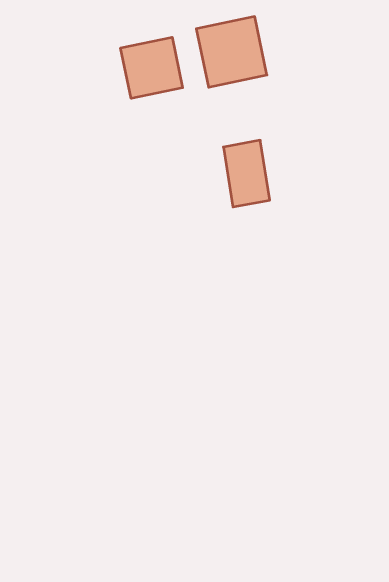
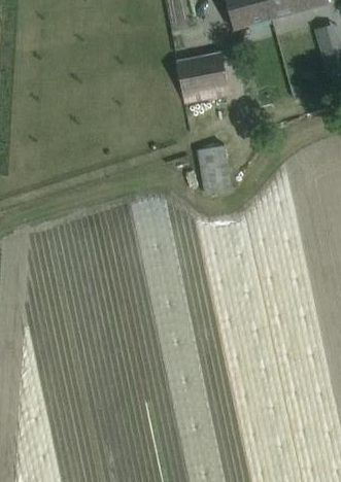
building: [121,37,183,98] -> none

